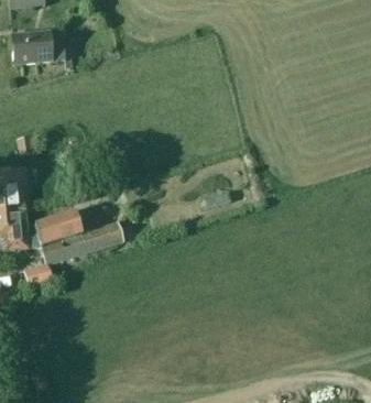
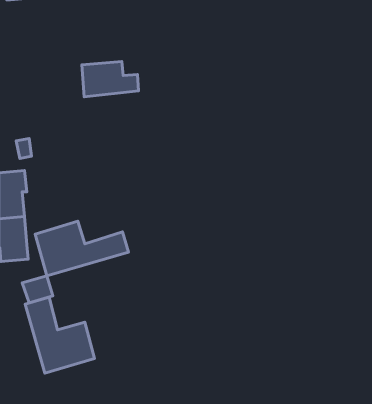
building: [11,32,64,65] -> [82,61,139,97]
building: none -> [25,297,95,373]

